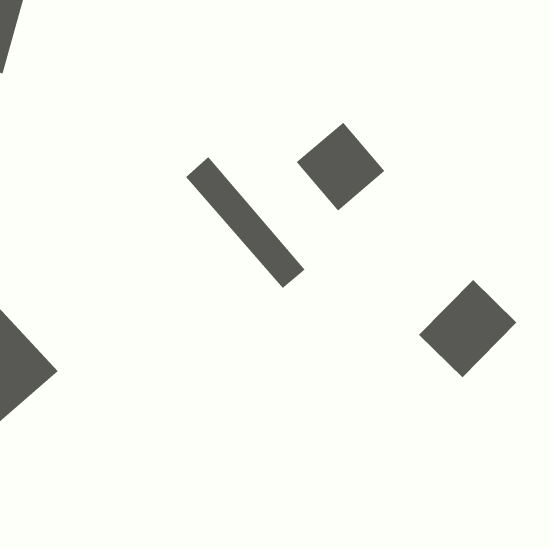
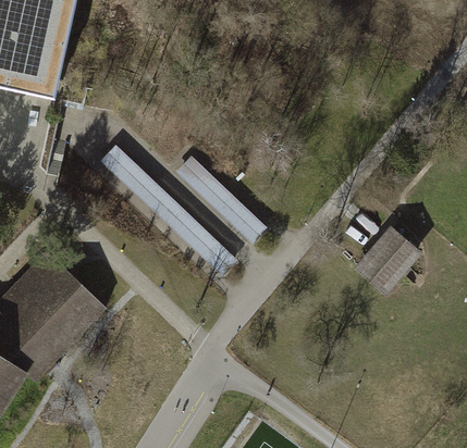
building: [296,122,385,212] -> none
building: none -> [101,144,239,274]

